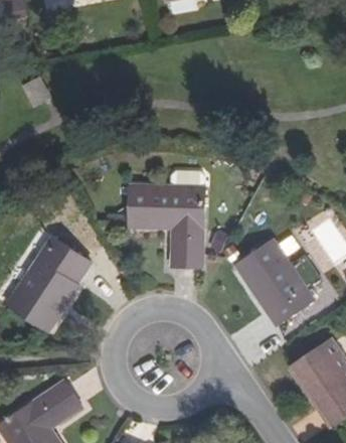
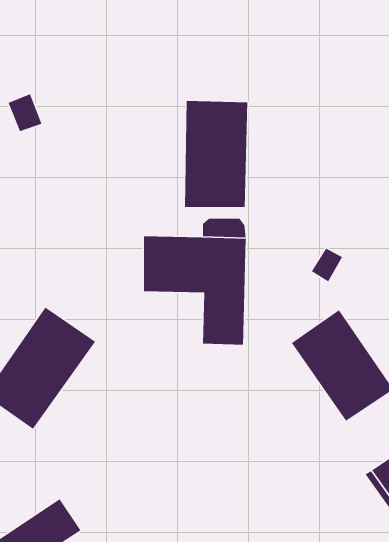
building: none -> [184,100,248,208]

